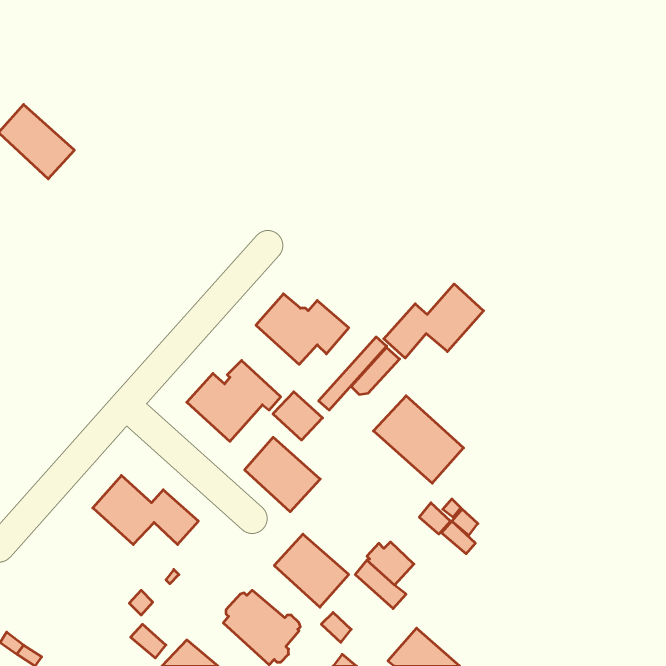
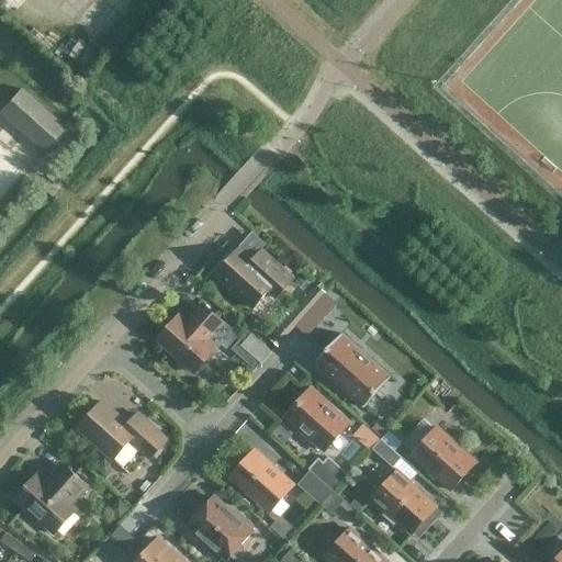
building: [384,284,484,358] -> none
building: [245,437,320,512] -> [285,387,349,450]
building: none -> [412,426,475,490]
building: none -> [14,462,88,532]
building: none -> [372,470,436,532]

